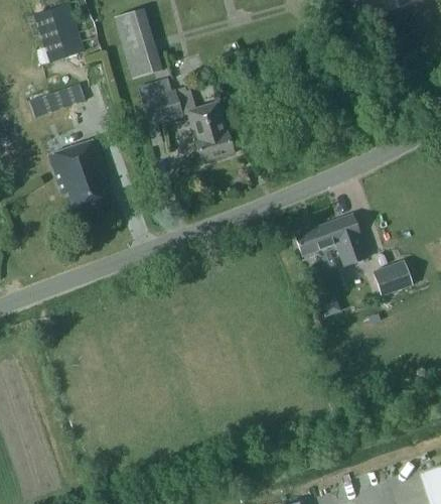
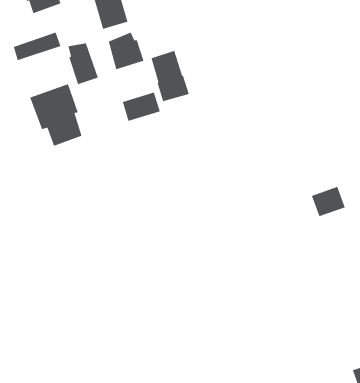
building: none -> [67,42,99,85]
building: none -> [122,91,161,122]
building: [294,214,368,265] -> none

